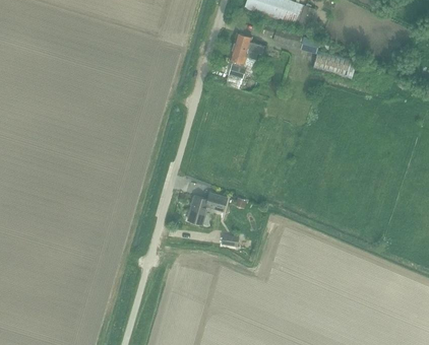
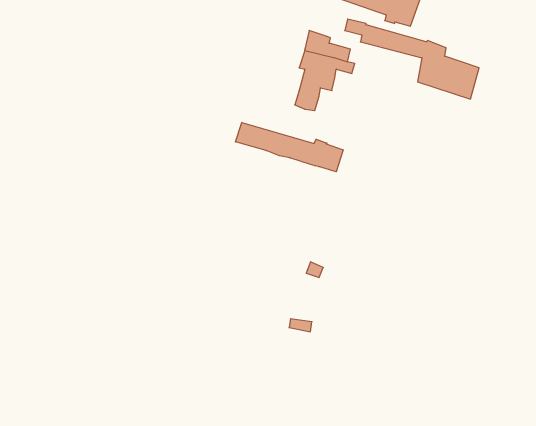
building: none -> [235,122,343,172]
building: [186,191,227,223] -> none

